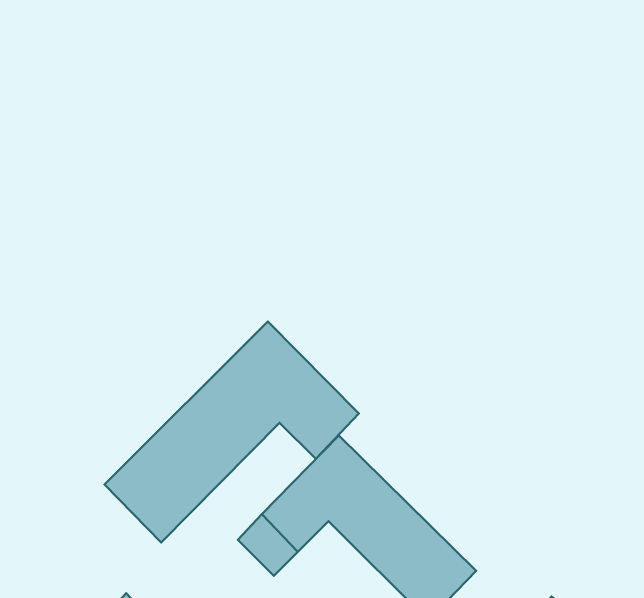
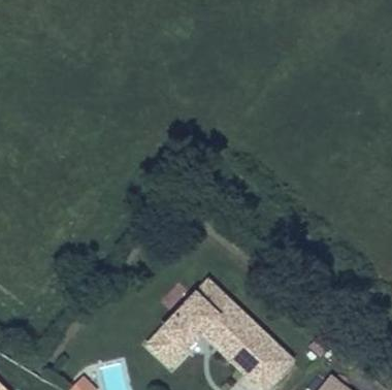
building: [105,321,359,542] -> none

